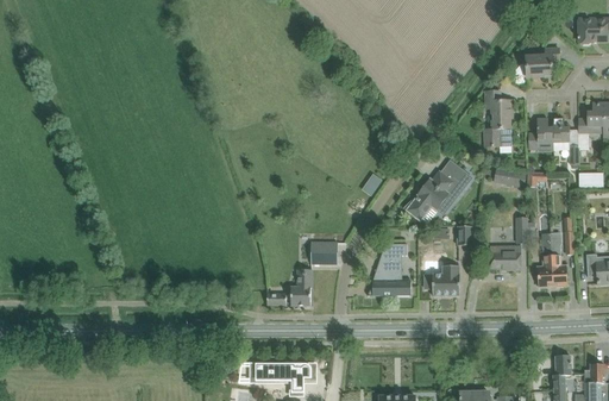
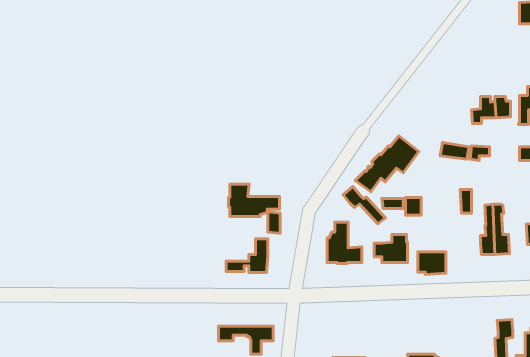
building: [514,48,560,77] -> none
building: [483,90,514,148] -> none
building: none -> [229,184,279,217]
building: none -> [343,187,385,224]
building: [491,246,521,270] -> [418,252,446,274]

